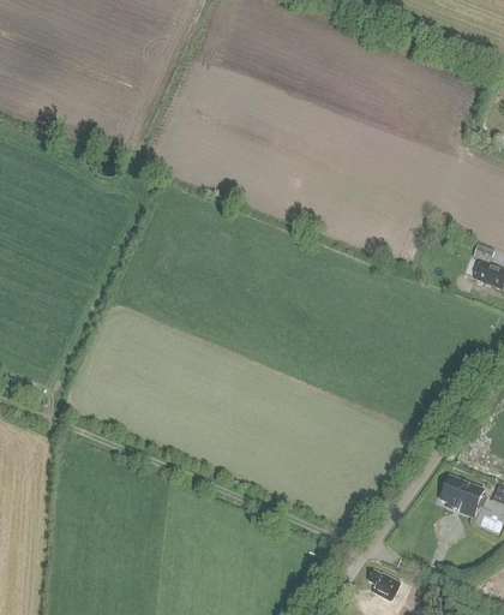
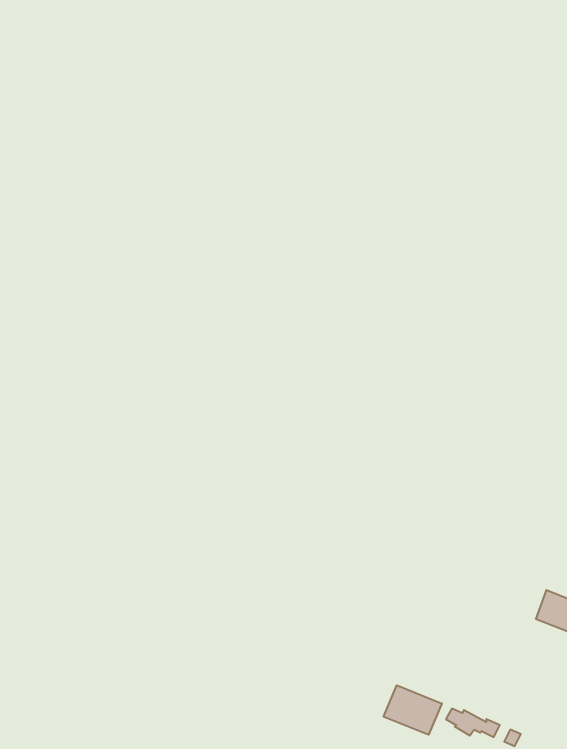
building: none -> [384,685,442,735]

